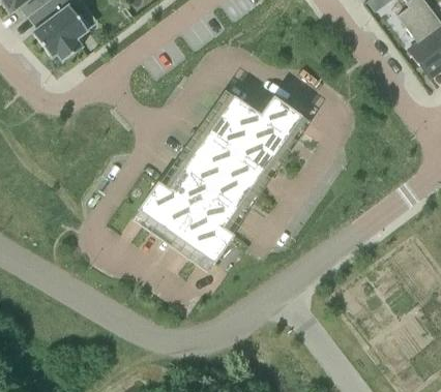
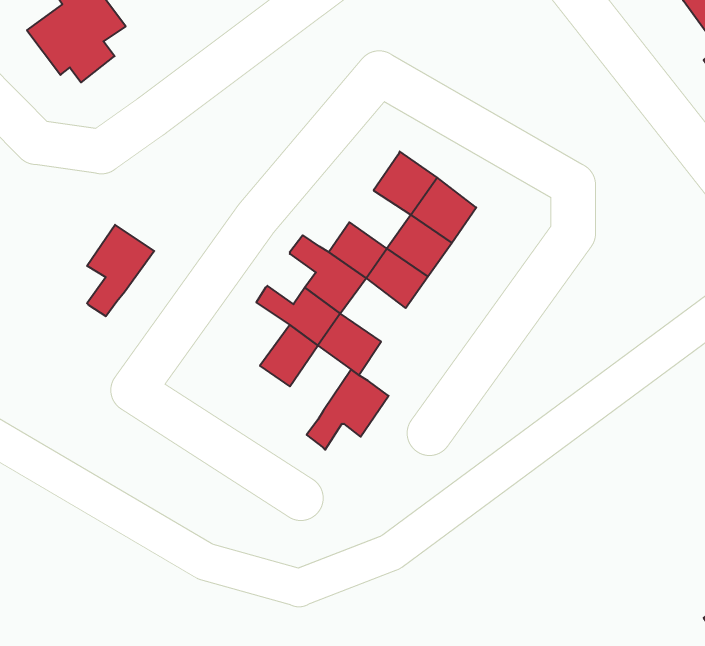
building: [261,95,297,130] -> none
building: [212,121,246,153] -> none
building: [207,170,243,205] -> none
building: [142,181,179,232] -> [87,225,154,316]
building: [179,207,213,243] -> none

